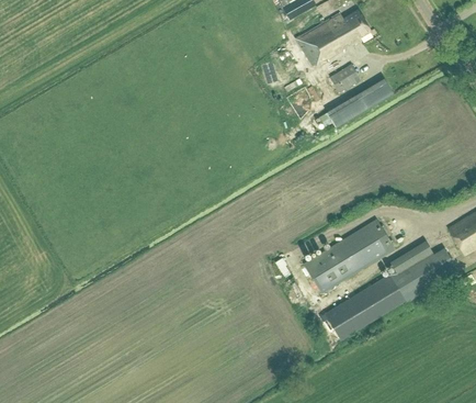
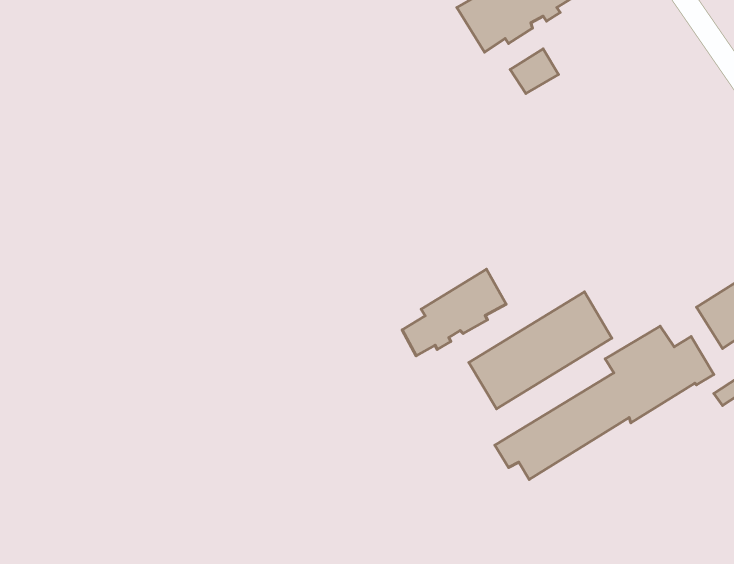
building: [327,79,392,127] -> none
building: none -> [402,269,506,356]

